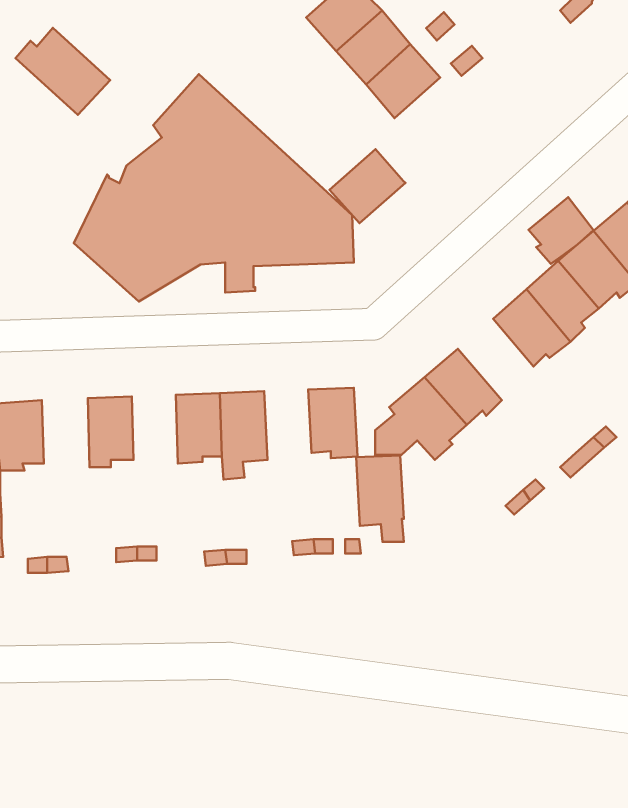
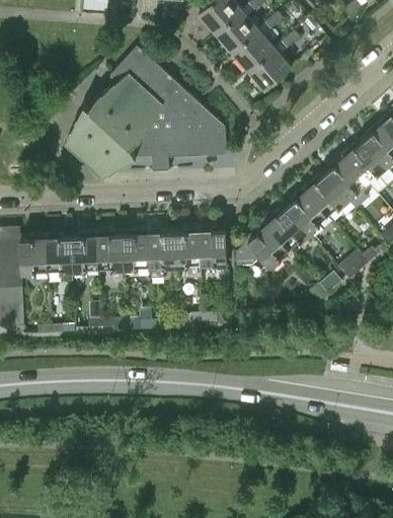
building: [16,28,110,115] -> none
building: [330,149,405,223] -> [249,49,293,91]
building: [529,197,594,264] -> none
building: none -> [286,188,329,234]
building: none -> [98,231,125,272]
building: none -> [47,233,74,274]
building: [356,455,404,542] -> [174,228,202,278]

